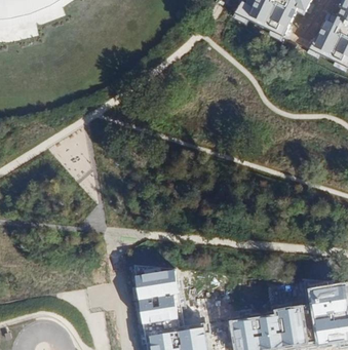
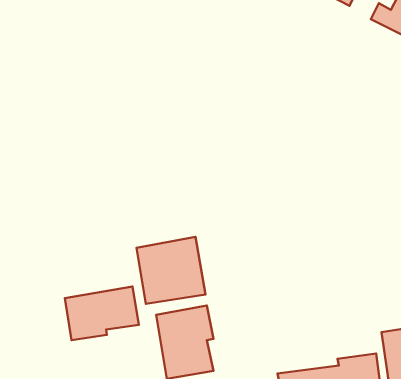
building: none -> [136,237,205,304]
building: none -> [65,287,139,340]

